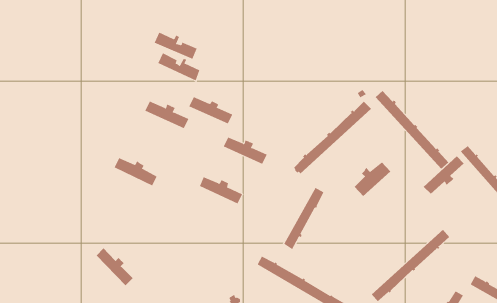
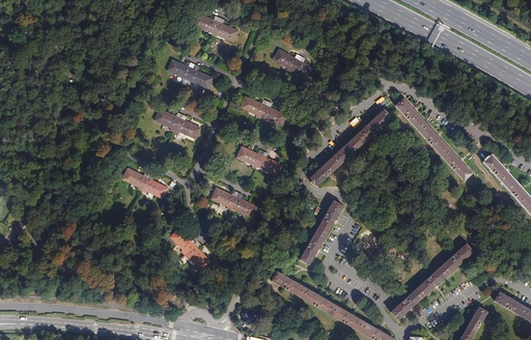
building: [154,32,198,60] -> [192,12,237,41]
building: none -> [272,49,317,81]
building: [189,97,233,124] -> [239,95,285,124]
building: [423,156,465,195] -> none
building: [354,161,391,197] -> none
building: [96,247,133,286] -> [170,228,209,268]

